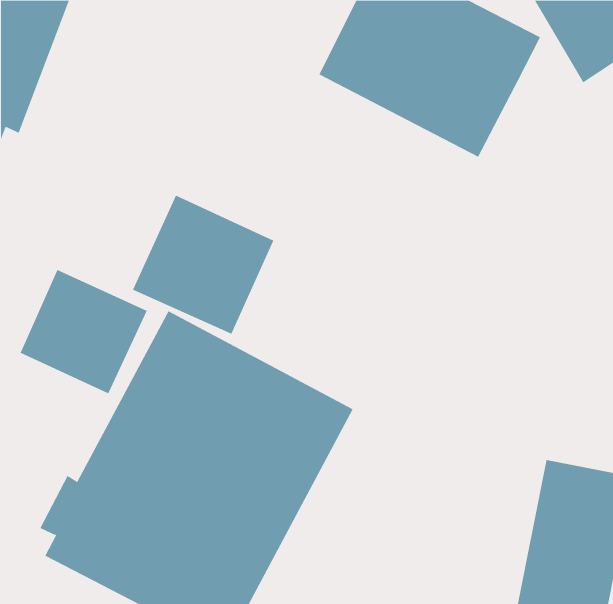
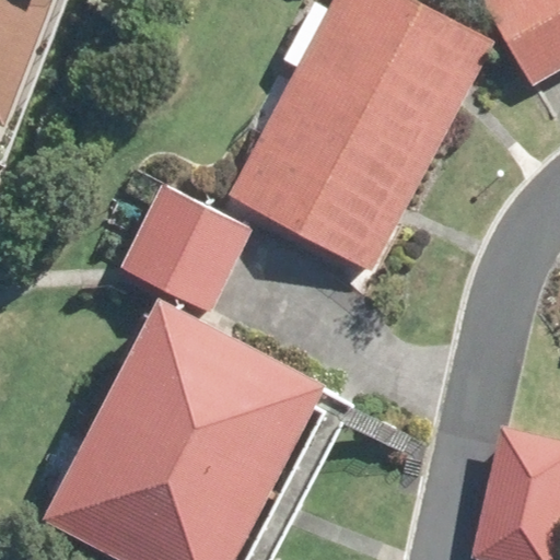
building: none -> [229,78,436,273]
building: [20,269,148,394] -> none

